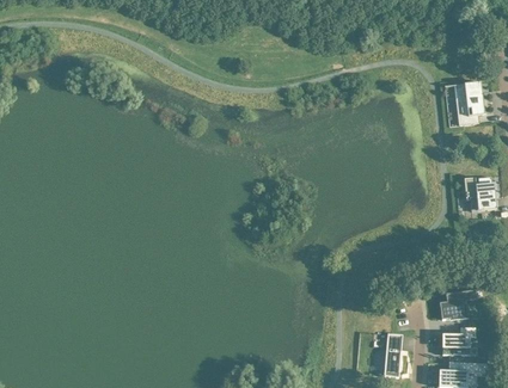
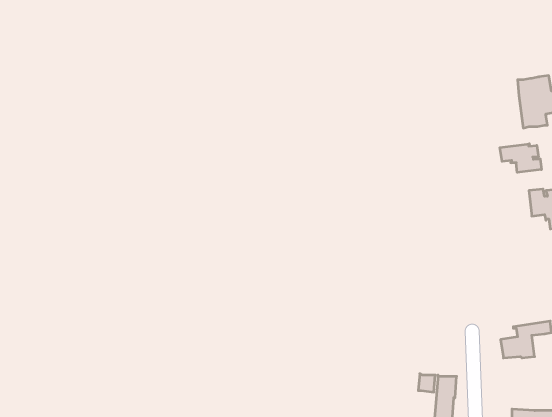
building: none -> [500,144,541,172]
building: [441,327,475,355] -> none

